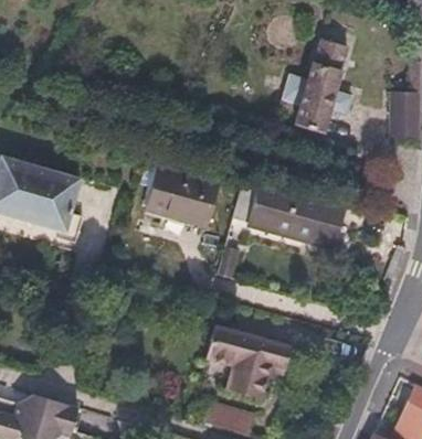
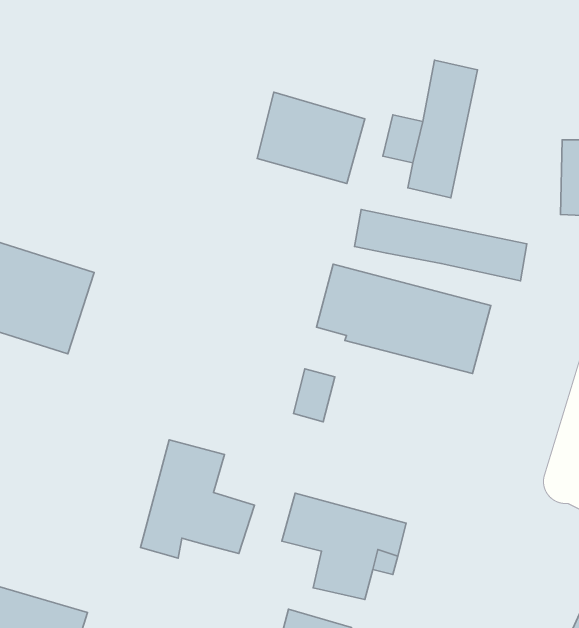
building: none -> [355,210,527,281]
building: [144,165,215,226] -> [257,92,365,183]
building: none -> [140,440,254,558]

